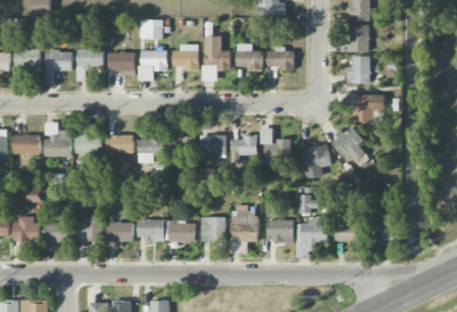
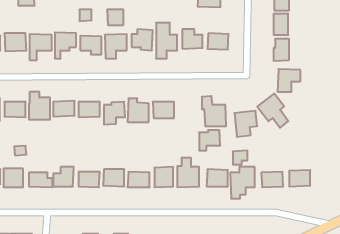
building: [231,136,257,161] -> [199,130,220,150]

